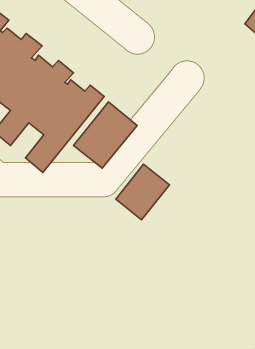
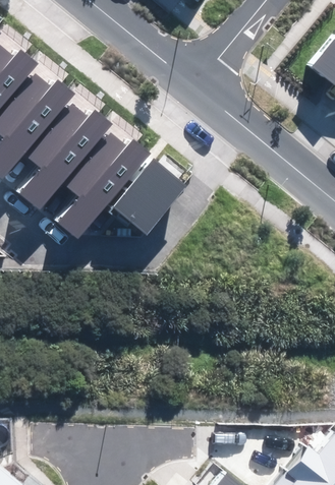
building: [116,164,170,220] -> none

